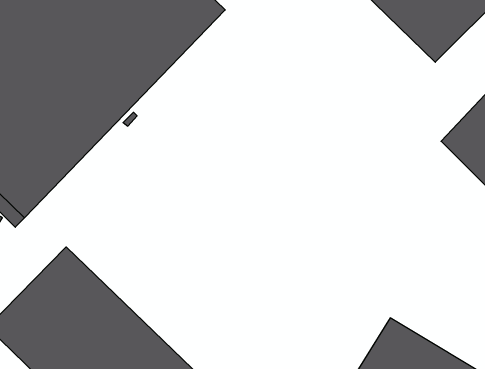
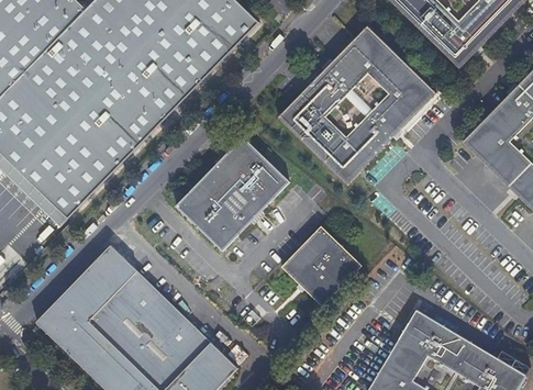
building: none -> [277,27,436,187]
building: none -> [173,136,287,250]
building: none -> [279,226,360,307]

